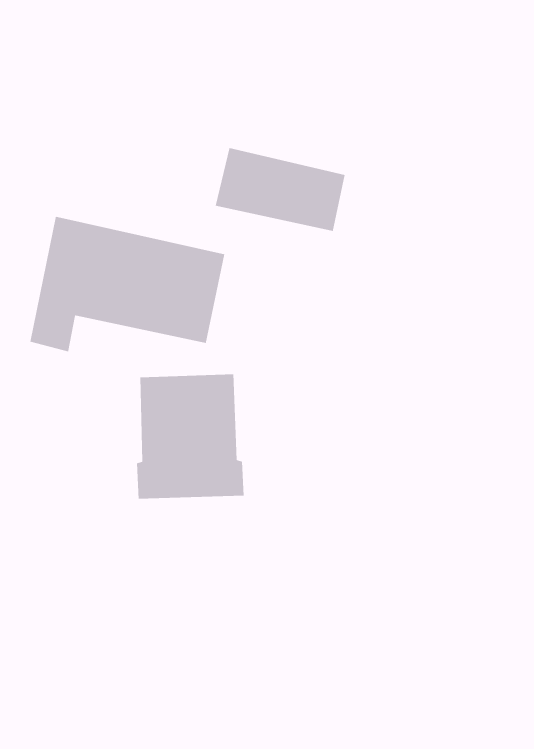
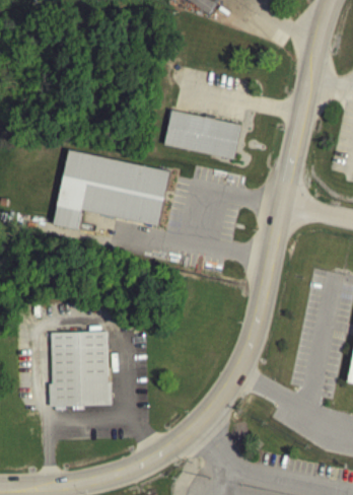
building: [136,374,244,499] -> [48,332,112,406]

